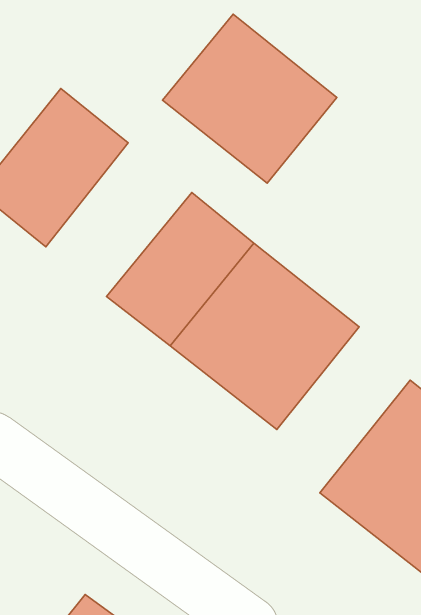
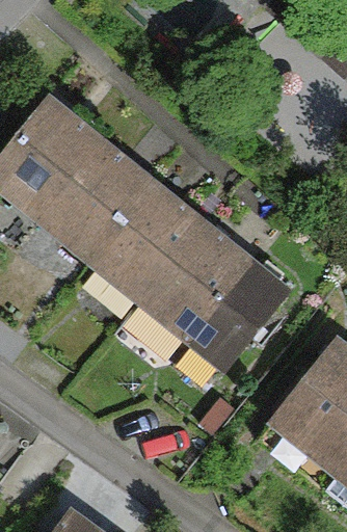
building: [162,14,337,183] -> none
building: none -> [38,139,158,265]

